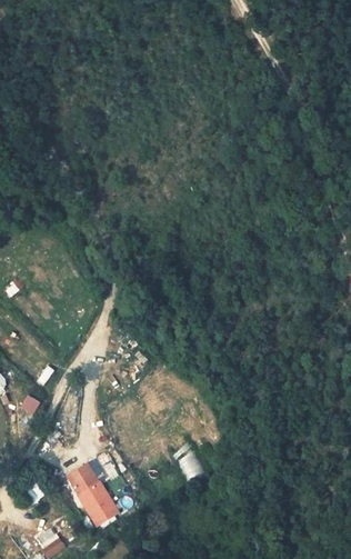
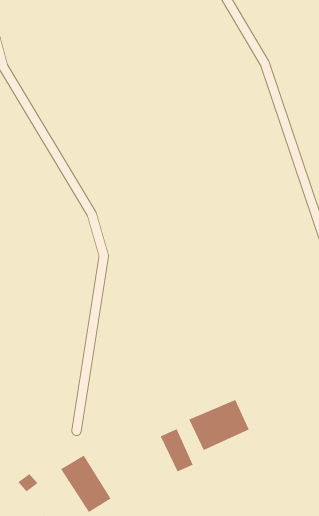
building: none -> [188,399,250,451]

